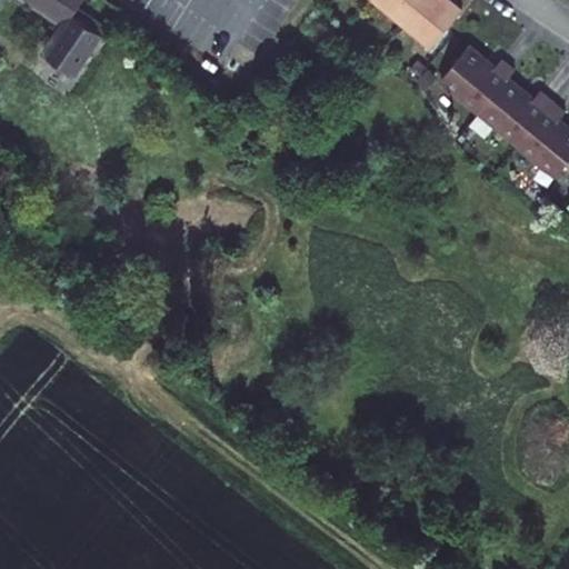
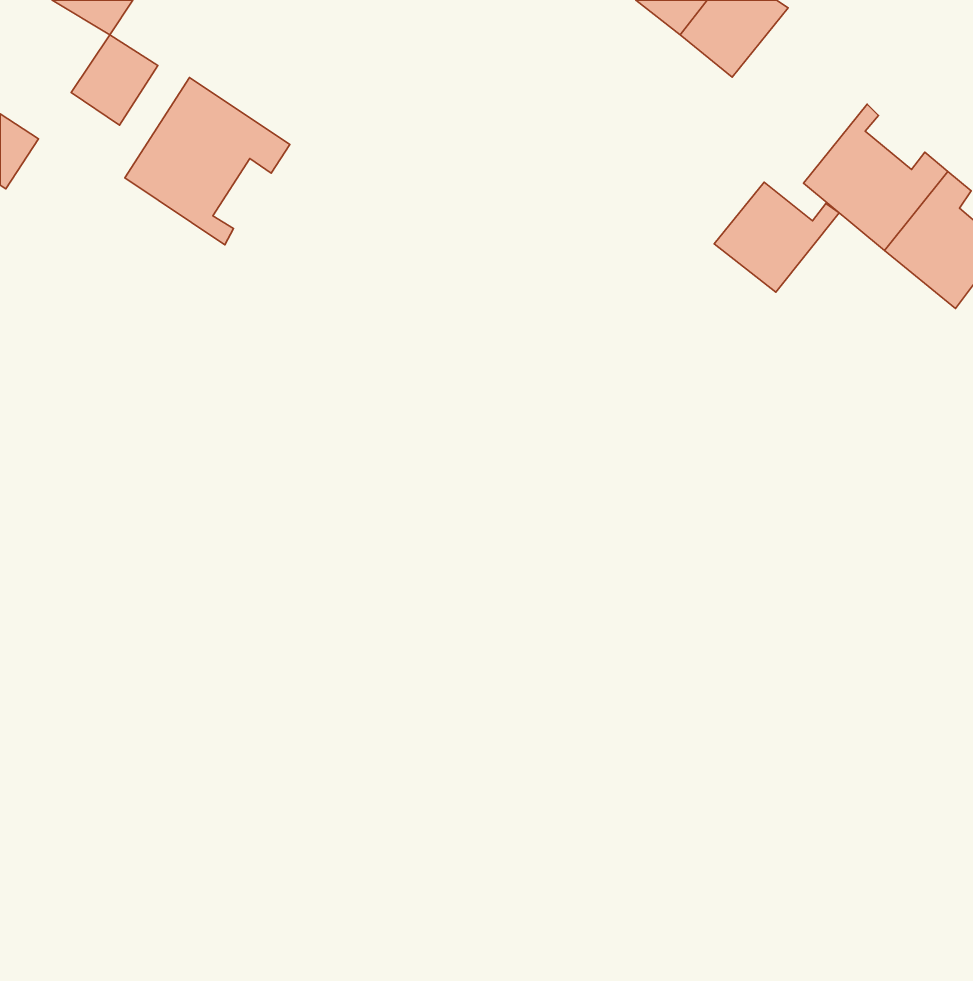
building: [435,44,507,108] -> [714,182,839,292]
building: none -> [125,78,290,245]

